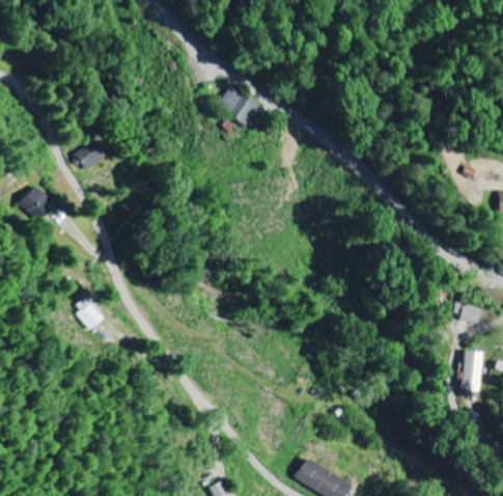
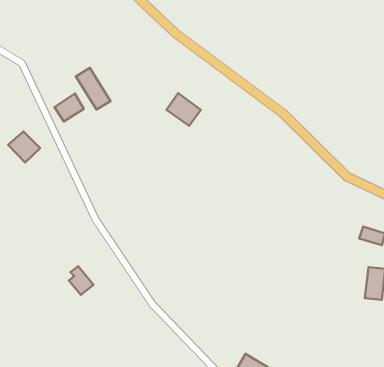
building: [221,84,263,125] -> [166,93,201,126]
building: none -> [76,68,111,110]
building: [76,296,106,331] -> [69,266,93,295]

